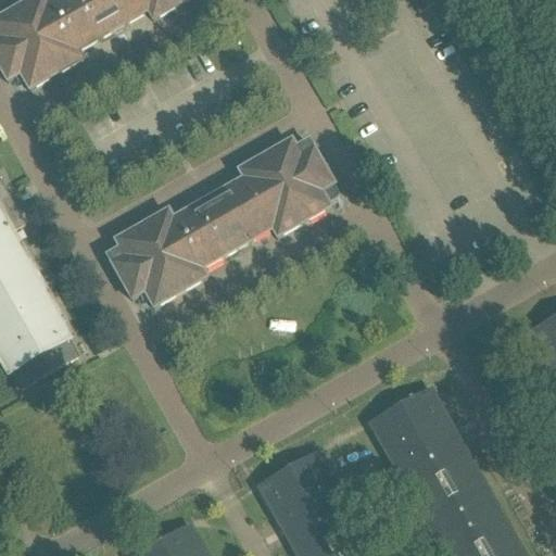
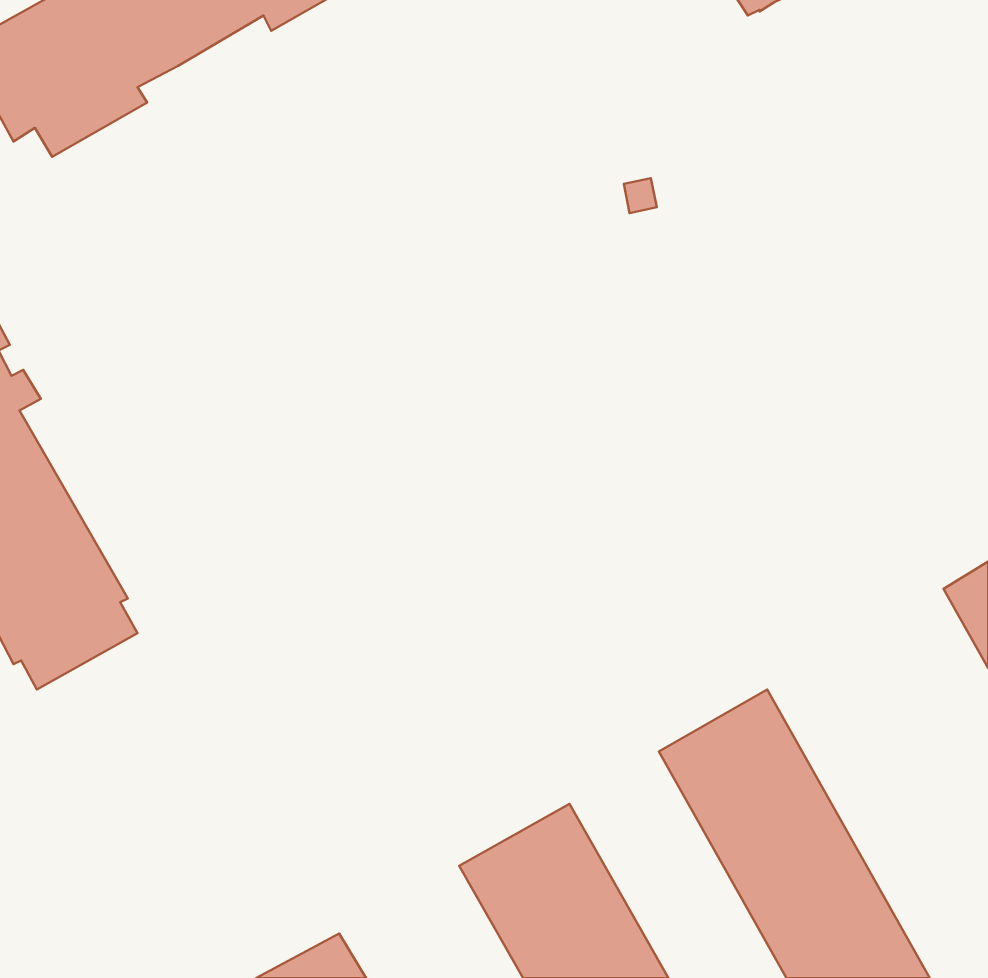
building: [106,138,336,306] -> none

